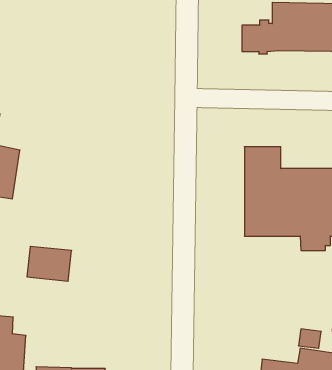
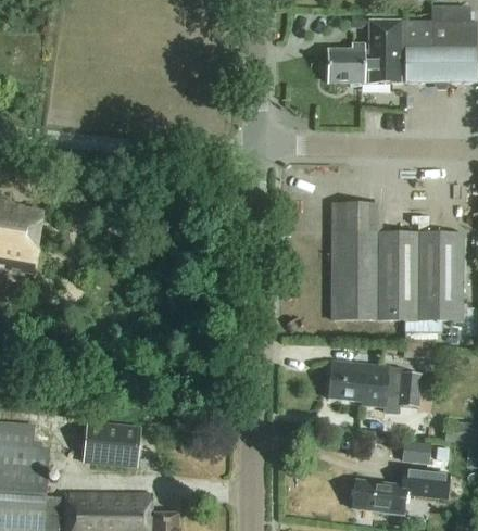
building: [27,246,72,281] -> [83,421,140,466]
building: none -> [328,361,419,415]

